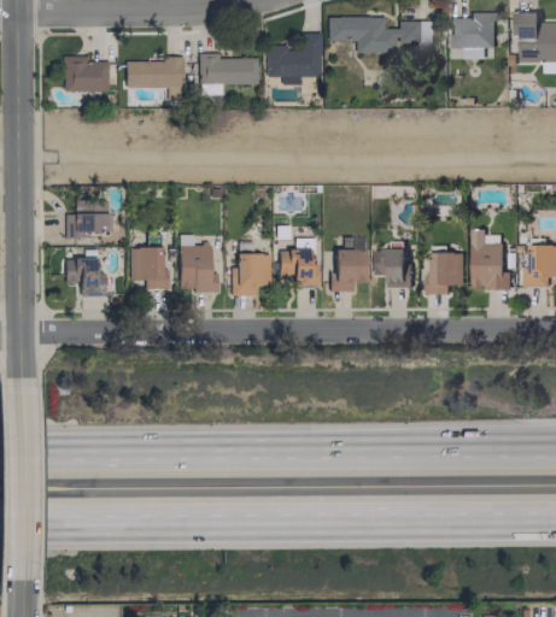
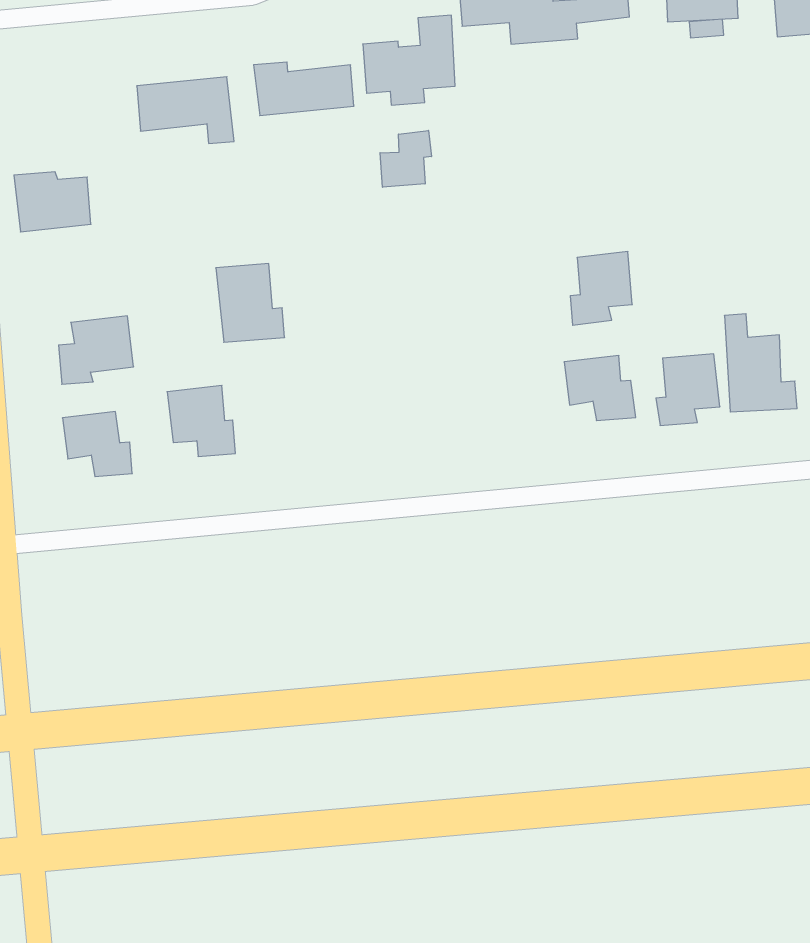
building: [64,57,109,92] -> [14,172,91,232]
building: none -> [380,130,431,187]
building: [180,245,218,290] -> [216,264,285,342]
building: [280,248,320,286] -> none
building: [330,249,368,292] -> [570,252,632,325]
building: [233,253,271,295] -> none

